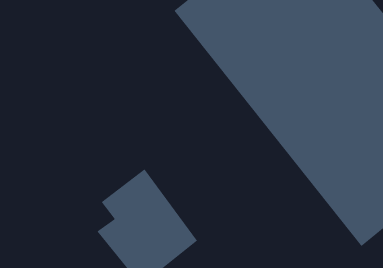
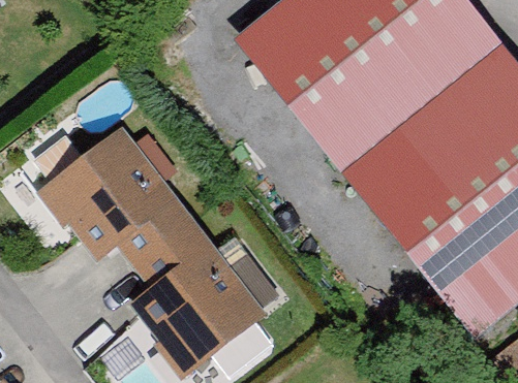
building: none -> [48,139,199,276]

